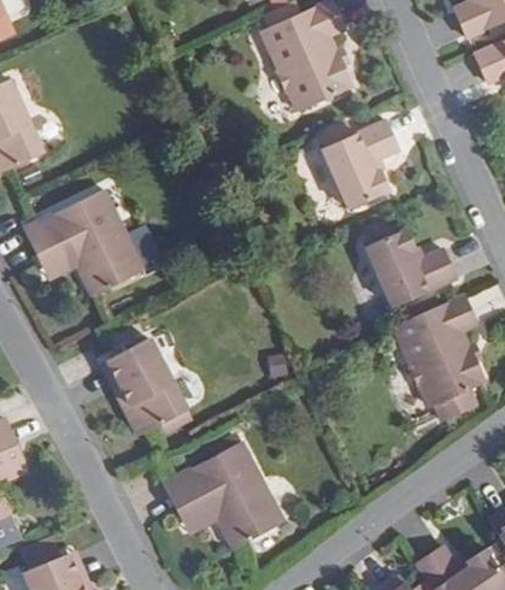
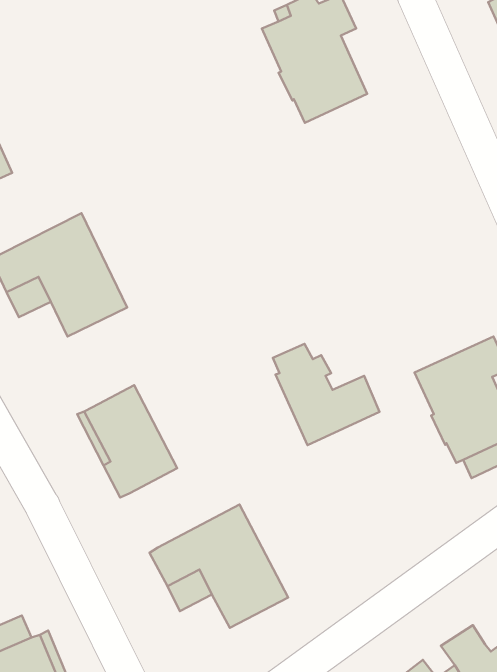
building: [319,118,397,207] -> none
building: [362,219,454,307] -> [273,344,380,445]

